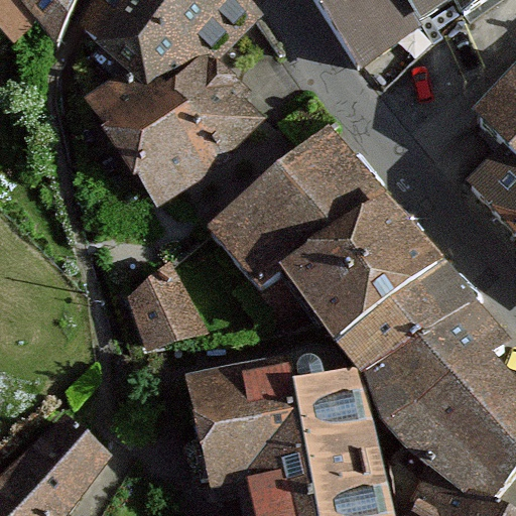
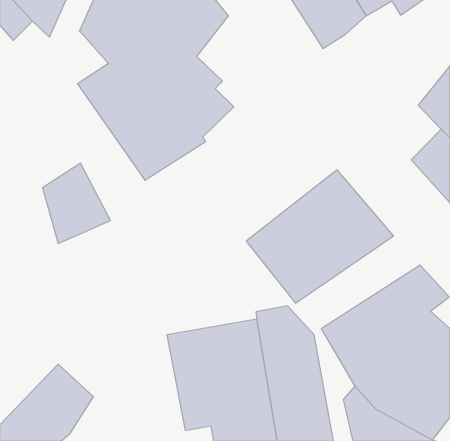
building: [211,96,385,289] -> none
building: [130,262,208,354] -> [42,163,110,244]
building: [338,269,480,375] -> none

